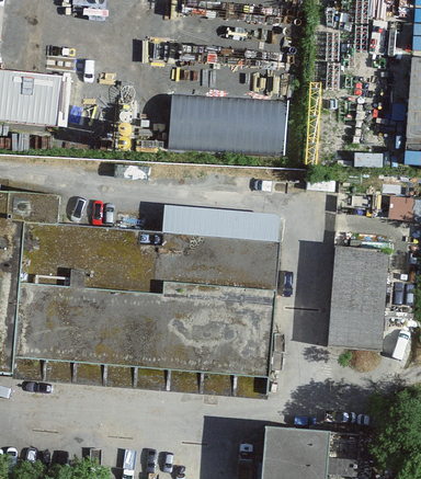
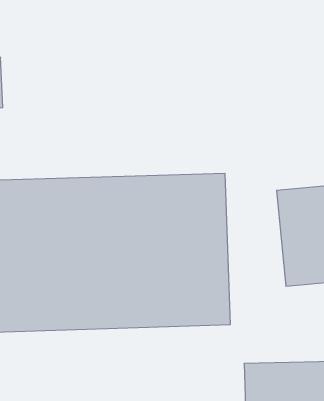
building: [168,96,283,152] -> none

